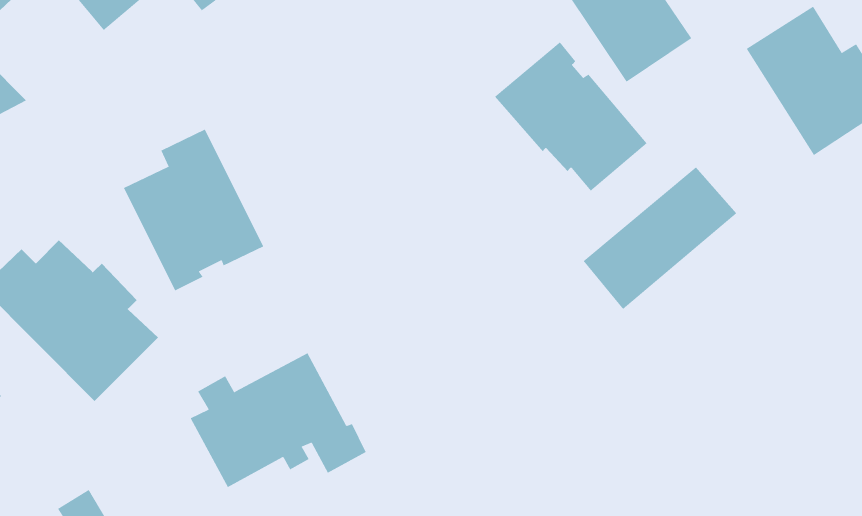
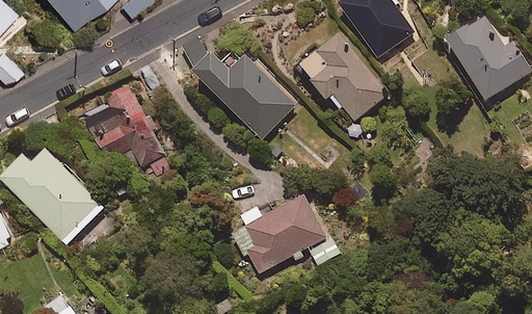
building: none -> [193,51,294,139]
building: [583,167,737,310] -> none
building: [190,352,367,488] -> [236,194,339,273]

